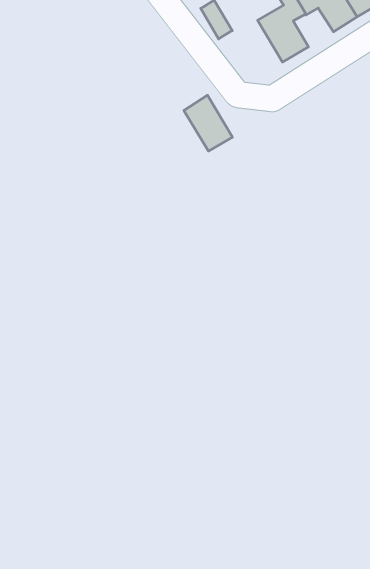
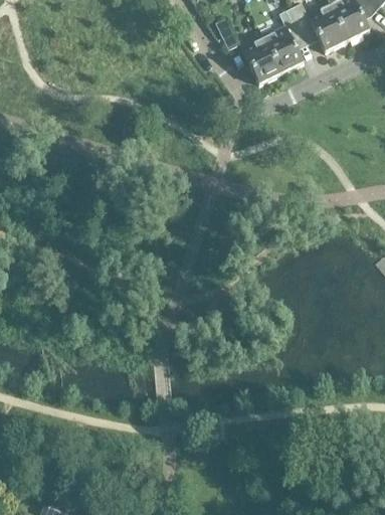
building: [184,95,232,151] -> [241,35,280,82]

